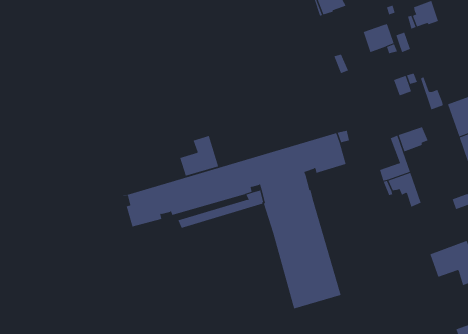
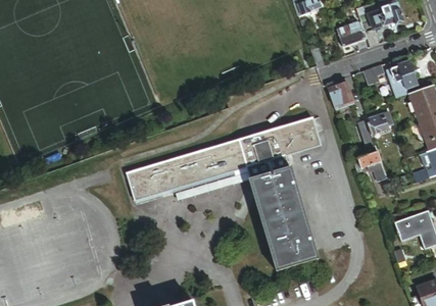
building: none -> [390,59,418,89]
building: none -> [329,81,355,109]
building: [180,135,219,176] -> none

